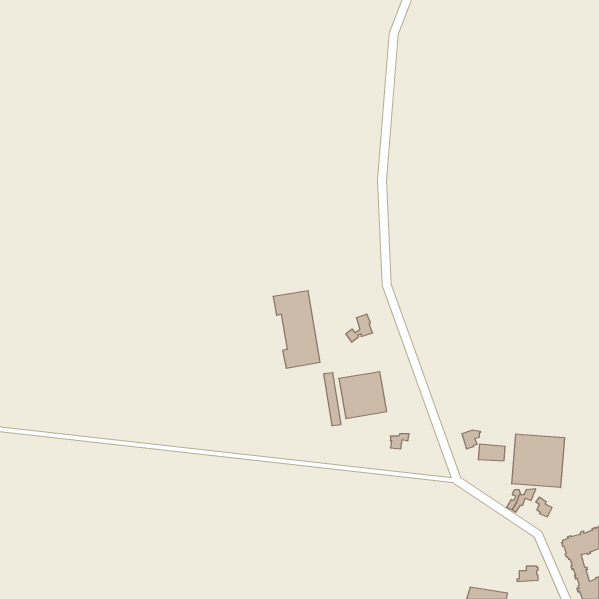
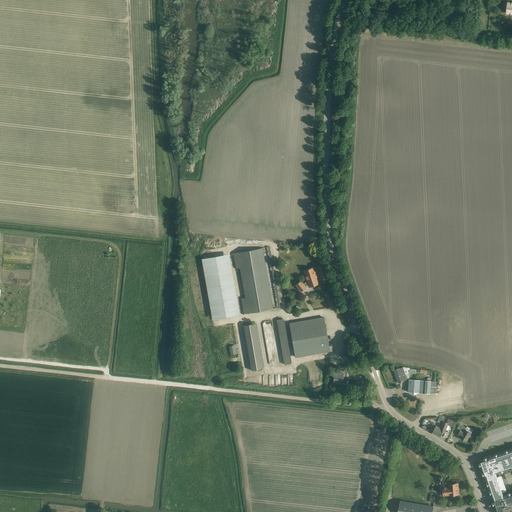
building: none -> [202,252,239,318]
building: none -> [243,322,267,369]
building: [512,434,564,488] -> none

